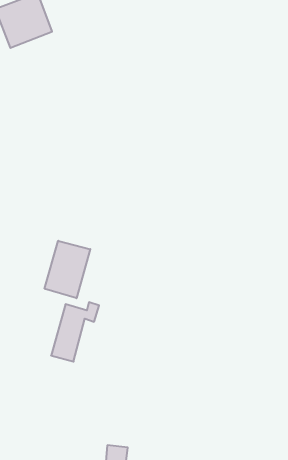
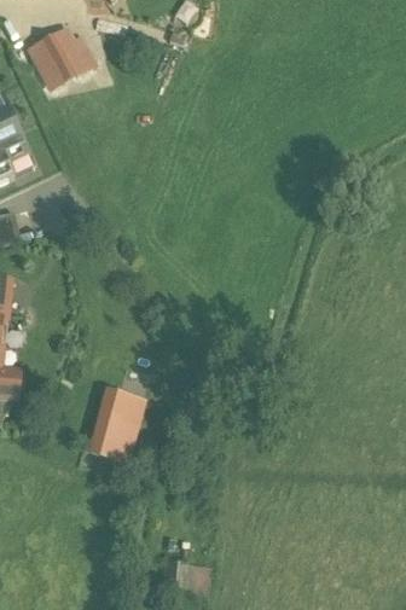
building: [45,241,90,298] -> none

